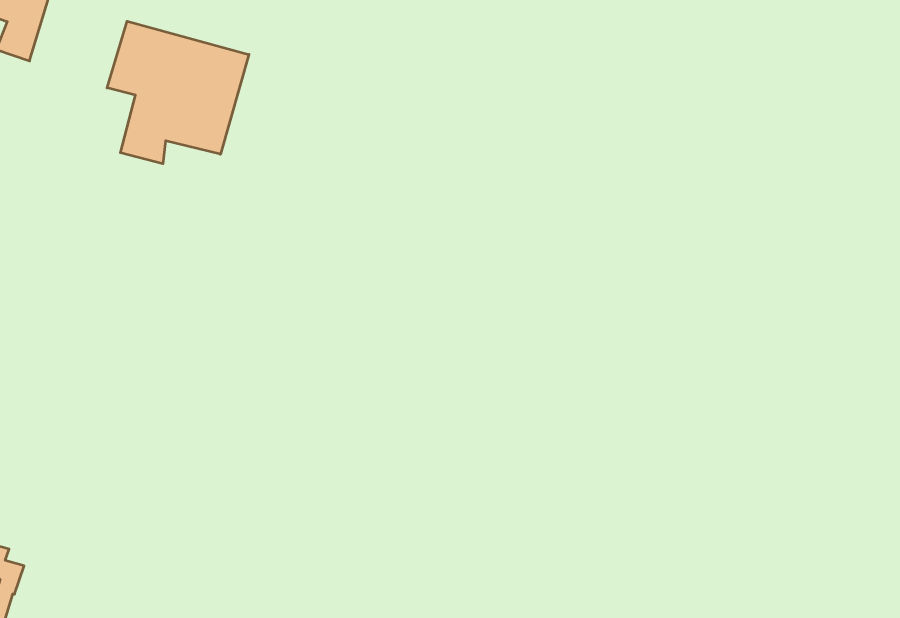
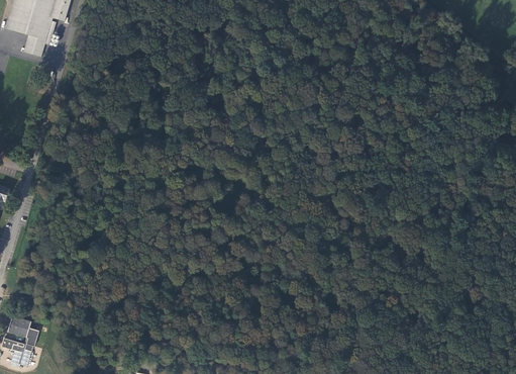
building: [107,21,249,164] -> none

